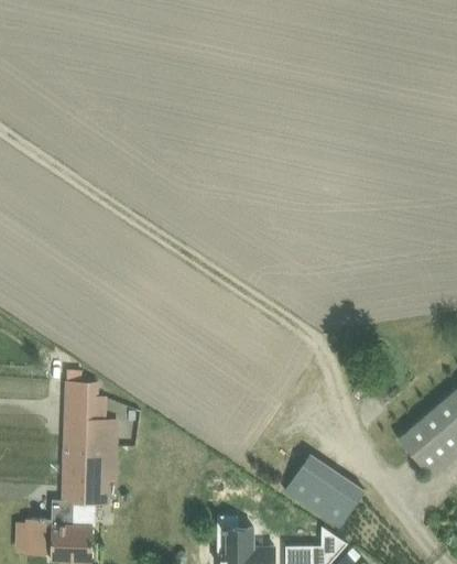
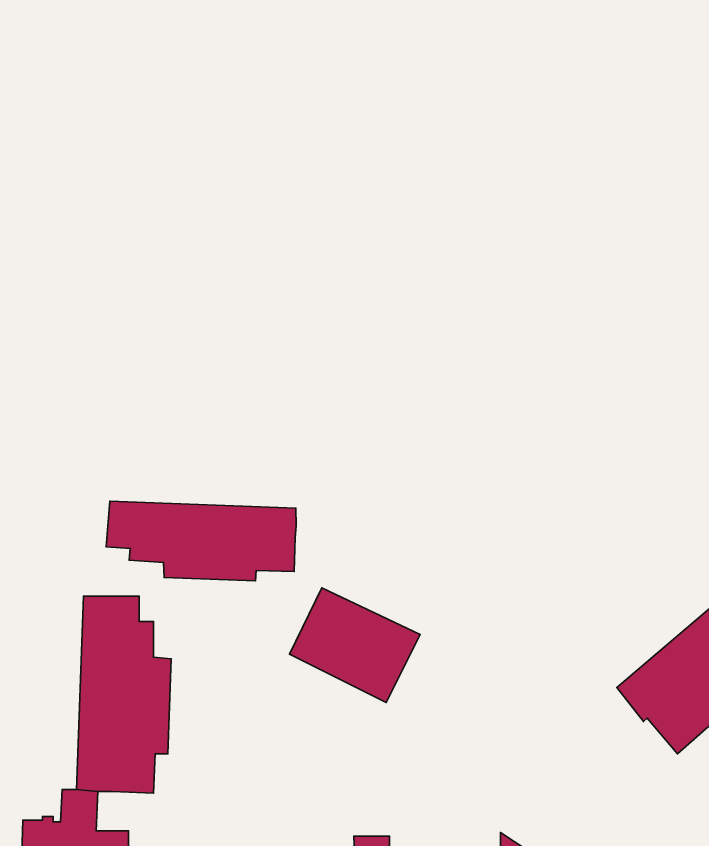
building: none -> [106,501,296,581]
building: [280,457,360,528] -> [290,588,420,702]

